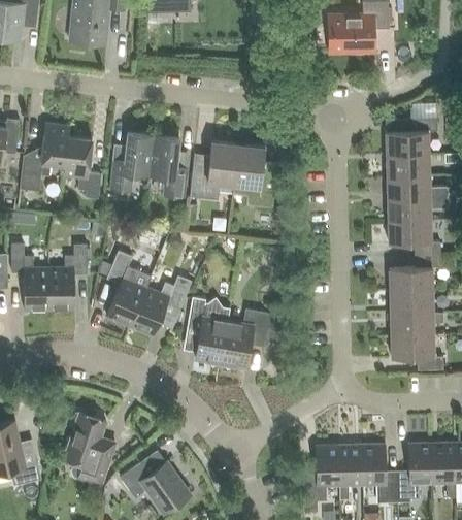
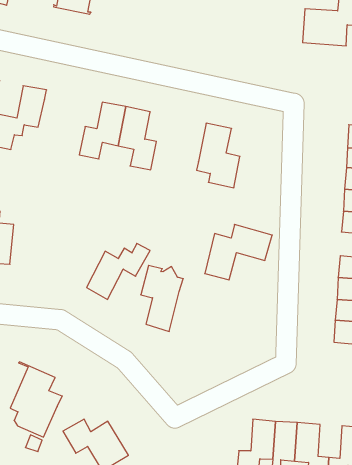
building: [63,135,101,198] -> none
building: [189,141,237,199] -> none
building: [48,243,87,308] -> none
building: [106,250,145,325] -> none
building: [220,308,286,366] -> [205,224,272,280]

